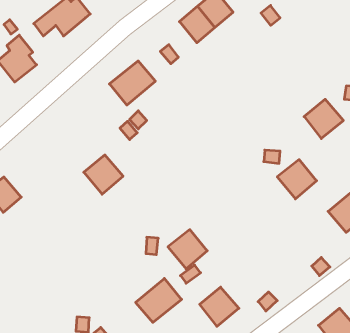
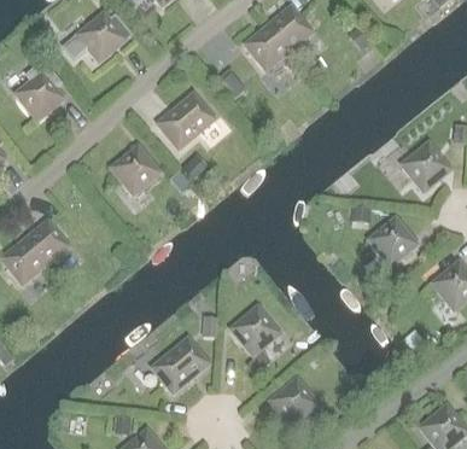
building: [84,155,123,194] -> [110,145,159,194]
building: none -> [23,220,68,264]
building: [136,278,182,322] -> [151,337,209,392]

